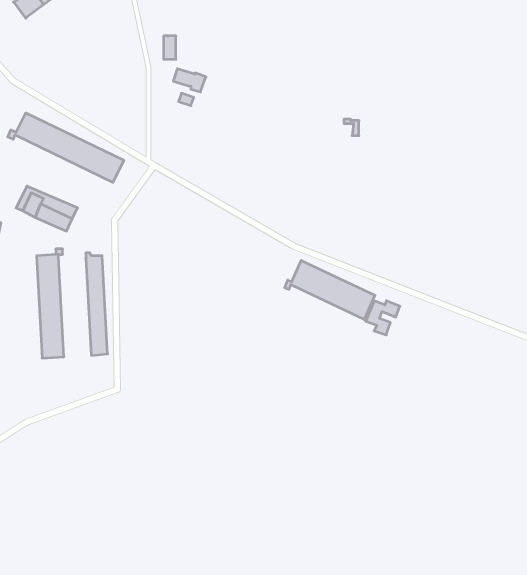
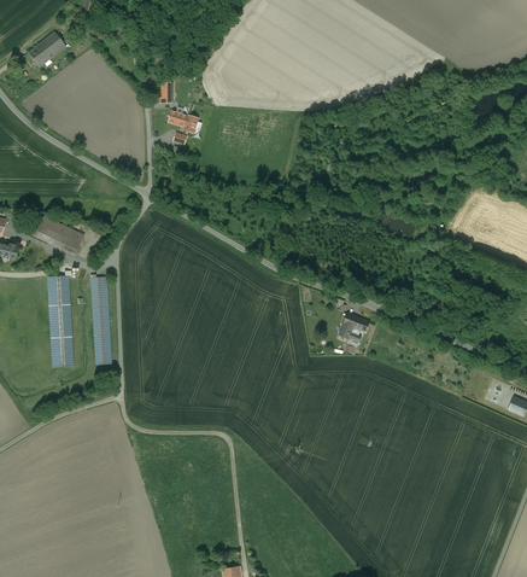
building: [8,113,124,182] -> none
building: [285,260,375,320] -> none

